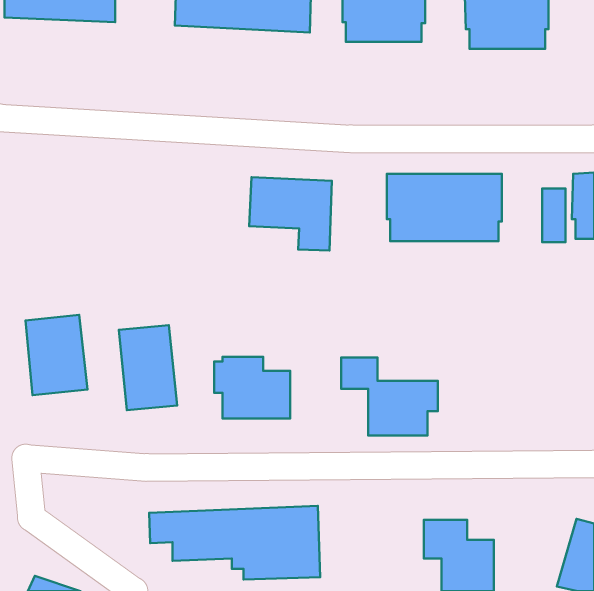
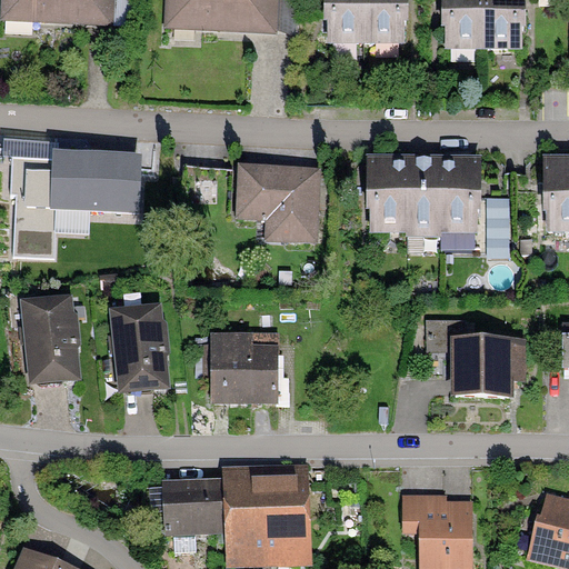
building: none -> [10,158,138,257]
building: [542,188,566,242] -> [488,197,510,248]
building: [341,357,438,436] -> [428,322,520,397]

